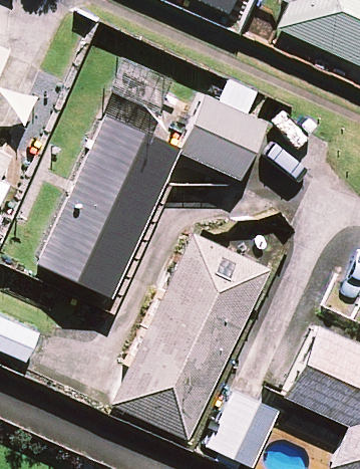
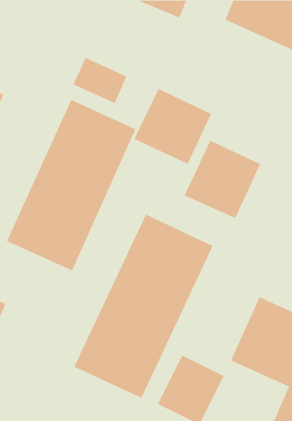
building: none -> [184,140,261,219]

